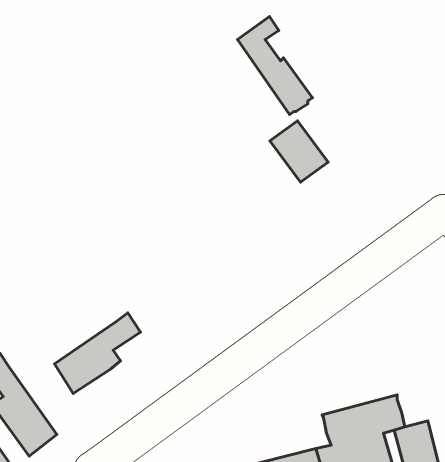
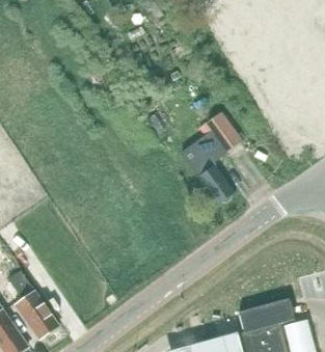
building: [237,17,313,115] -> [183,138,234,205]
building: [55,313,140,394] -> none

